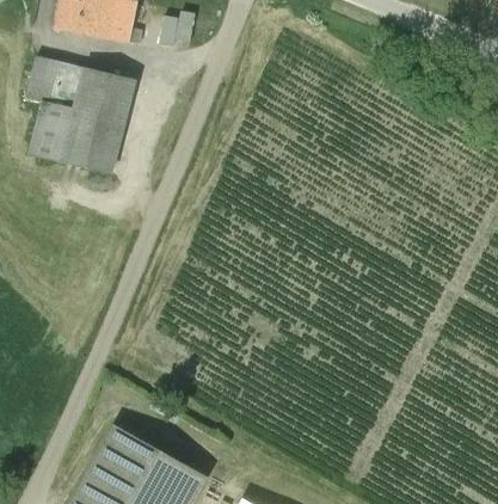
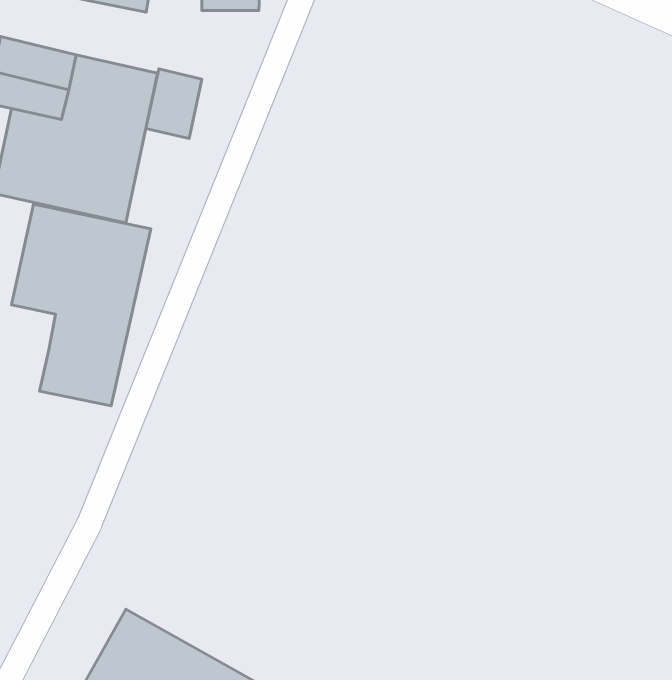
building: none -> [146,69,202,139]
building: none -> [12,204,151,406]

